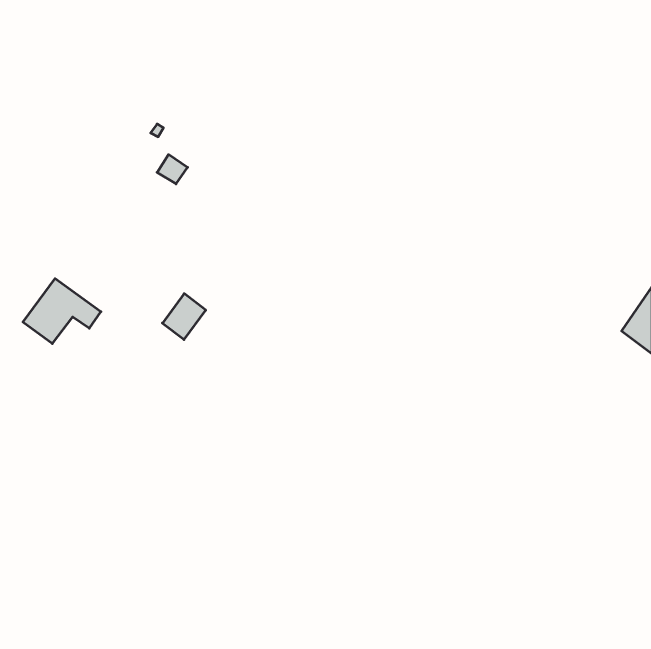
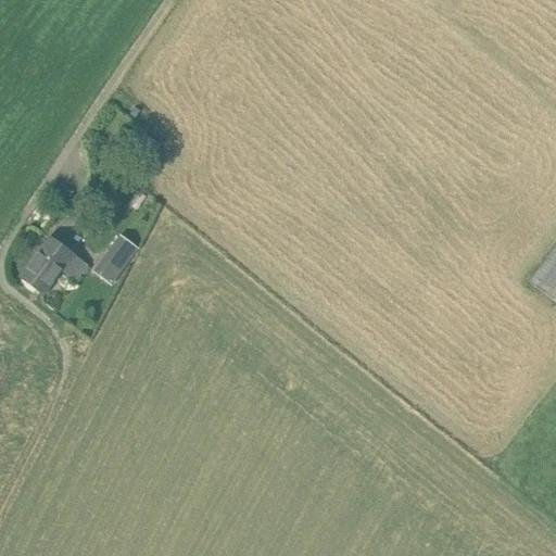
building: [162,294,206,340] -> [102,232,139,271]

